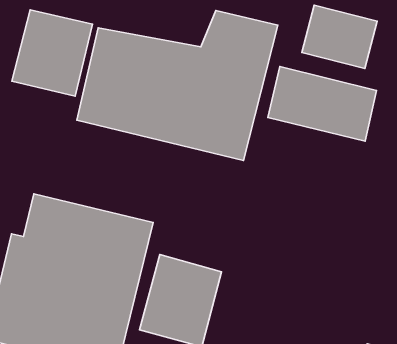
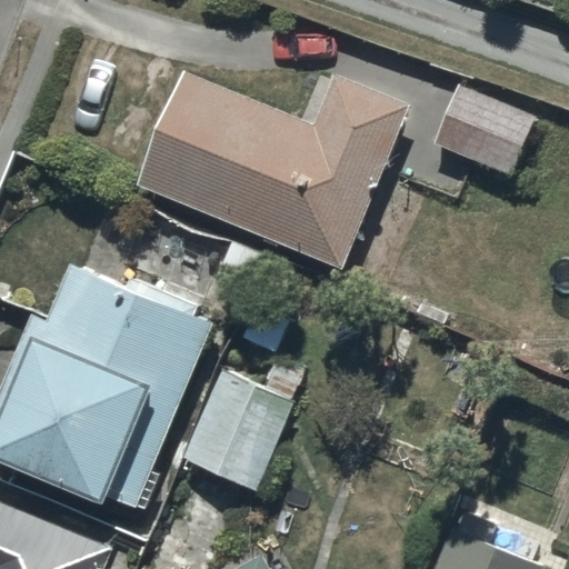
building: [12,10,93,96] -> none
building: [268,66,377,141] -> none

